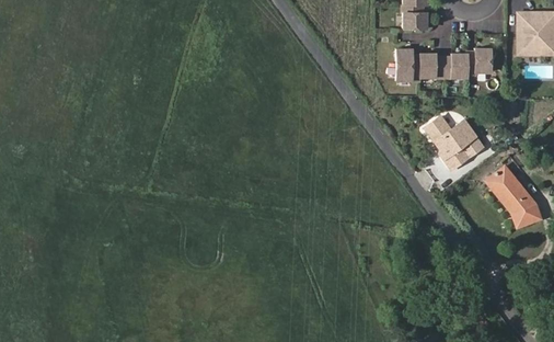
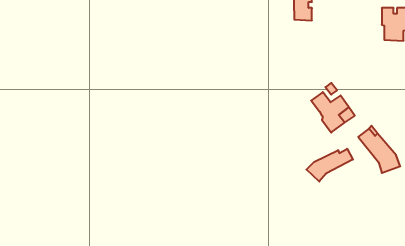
building: [397,48,492,80] -> none
building: none -> [306,149,353,182]

